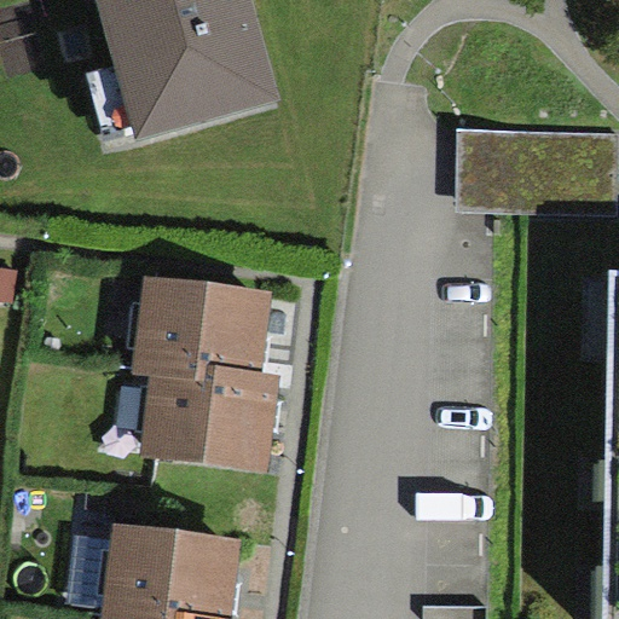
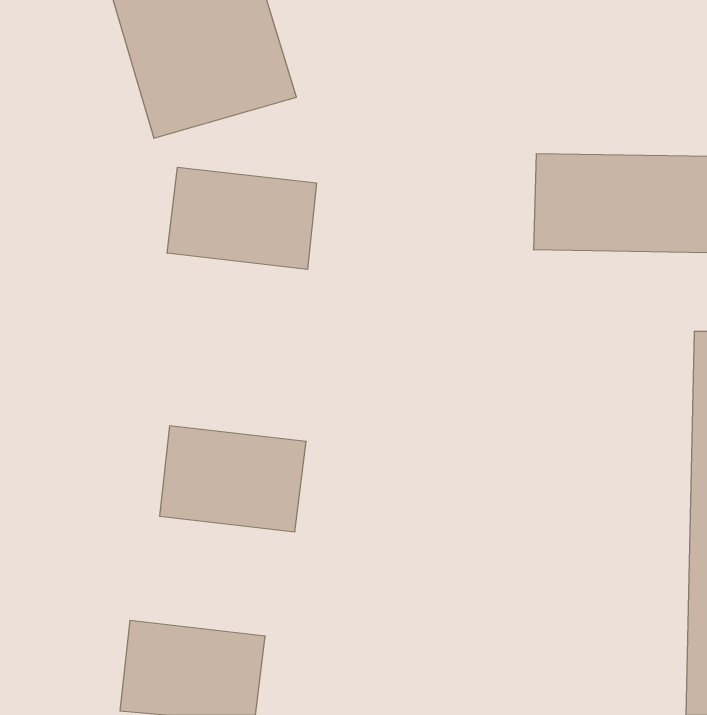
building: none -> [167,167,316,269]
building: [145,287,271,377] -> none

